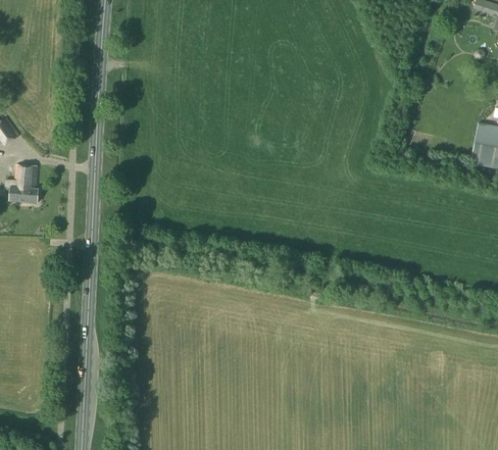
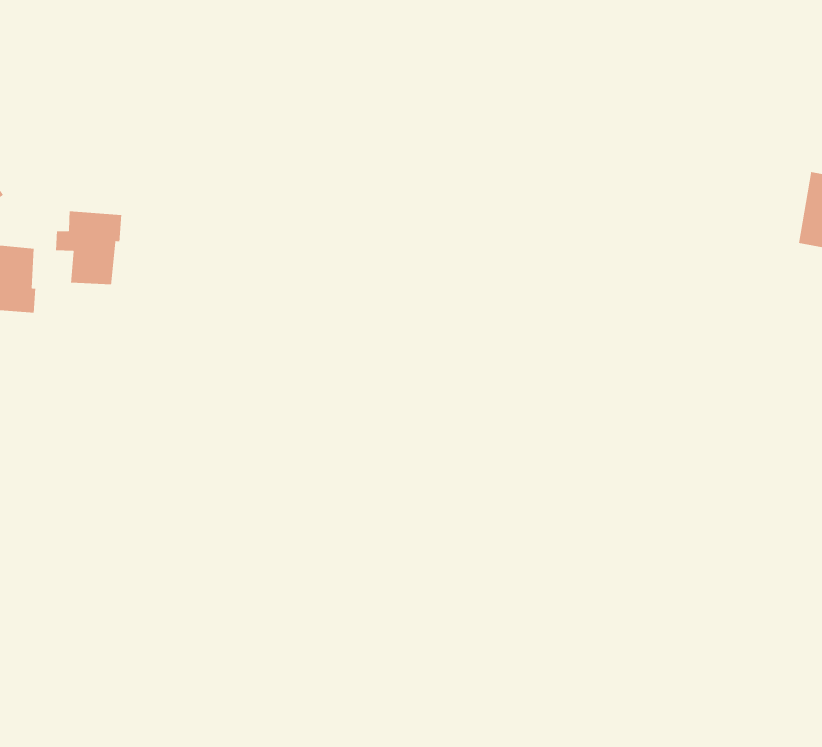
building: none -> [56,211,122,285]

